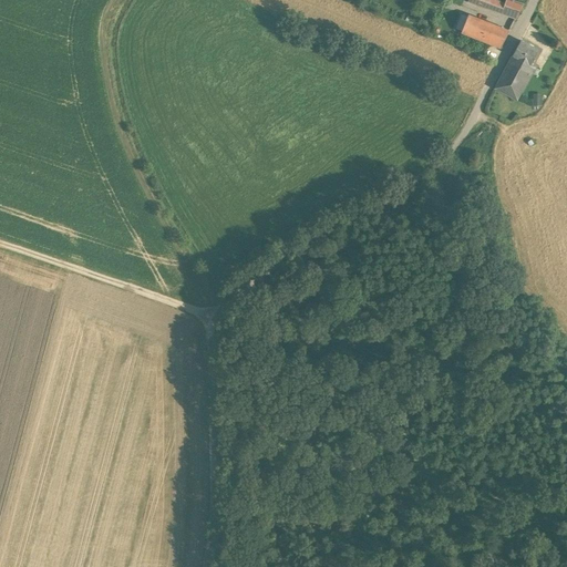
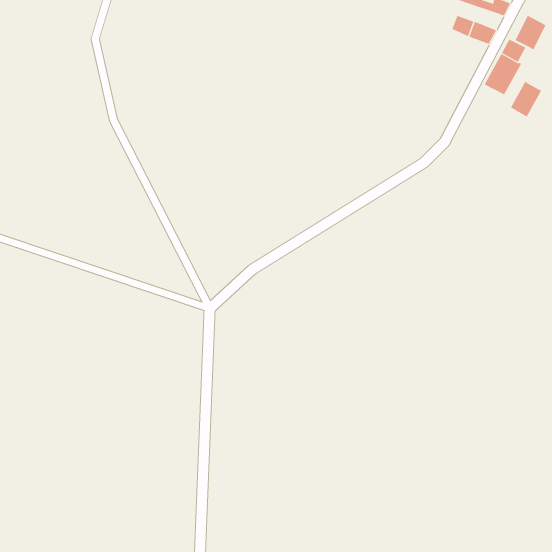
building: none -> [515,15,546,50]
building: none -> [510,81,542,117]

